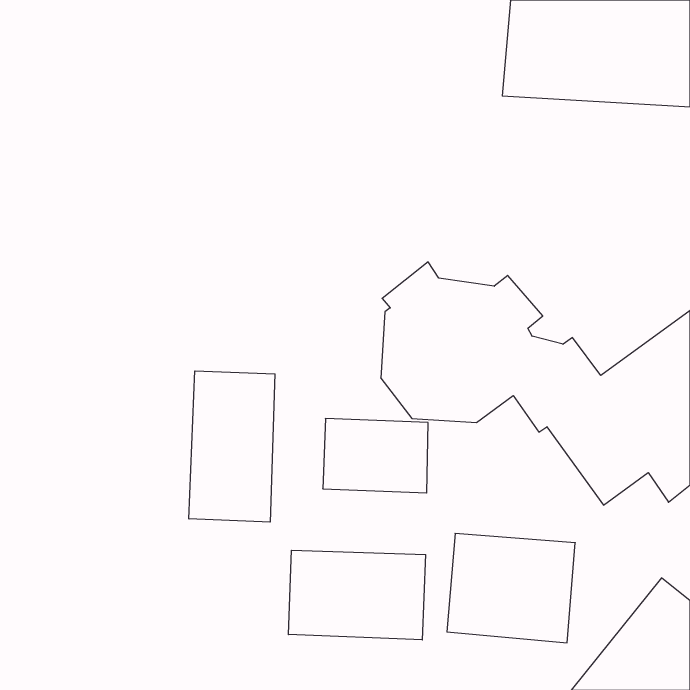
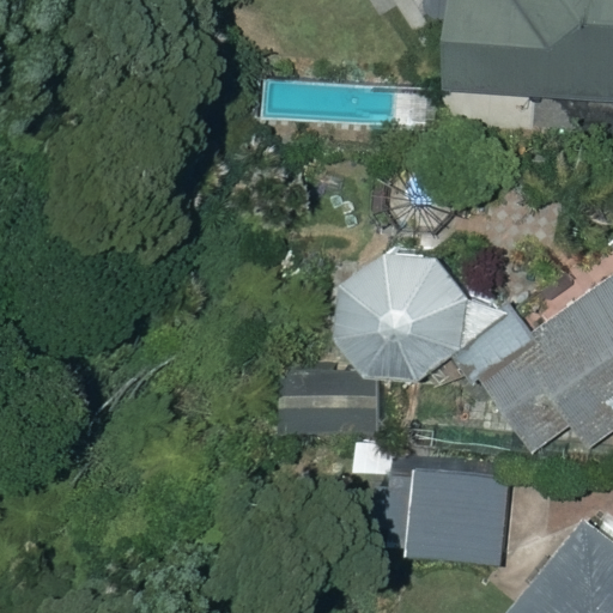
building: [189,371,275,522] -> none
building: [288,550,426,640] -> none

